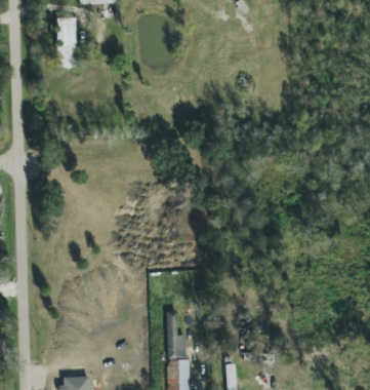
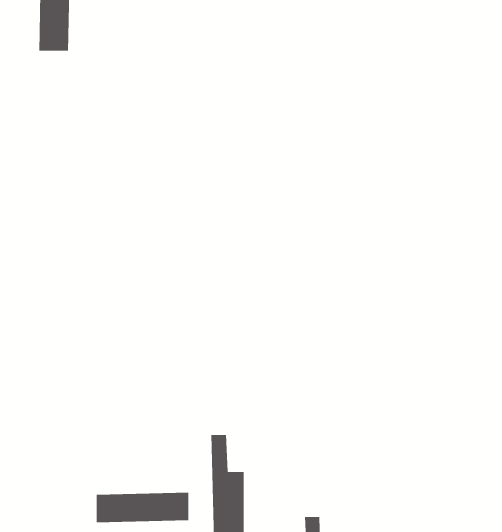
building: none -> [96,492,189,523]

